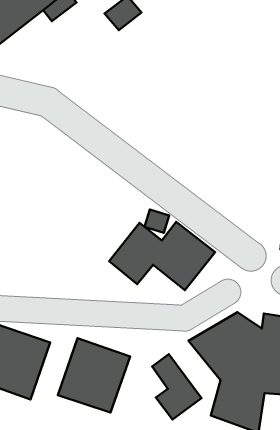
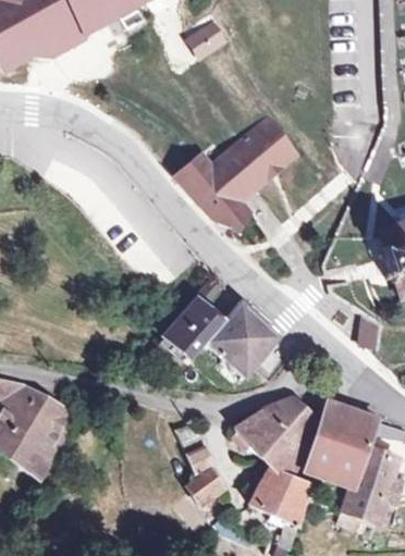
building: none -> [184,116,297,231]
building: [58,338,130,412] -> none

